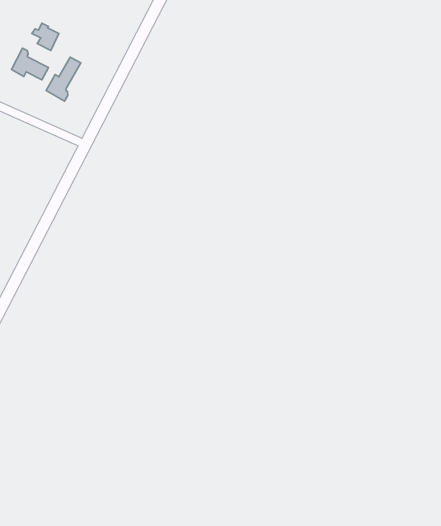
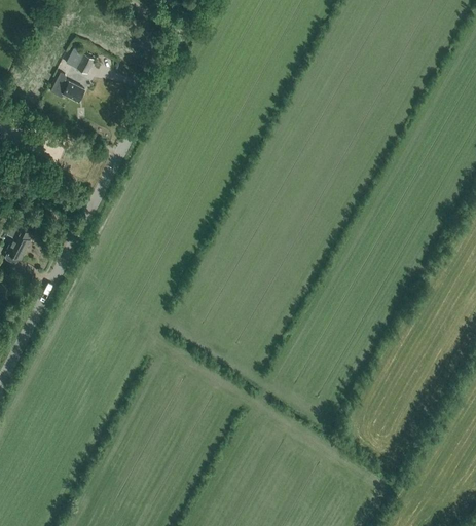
building: [46,57,81,101] -> none

